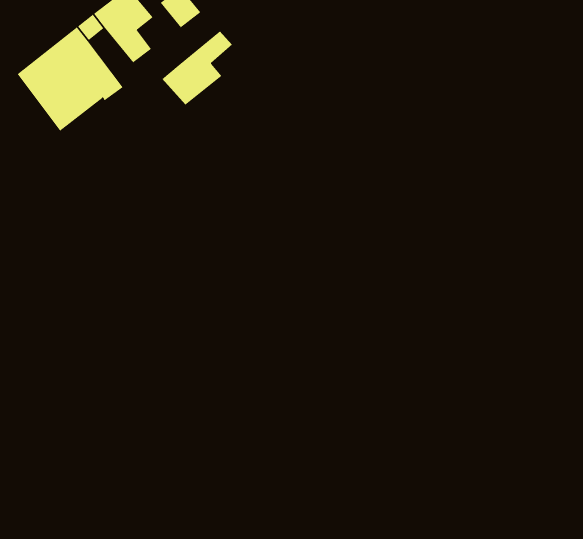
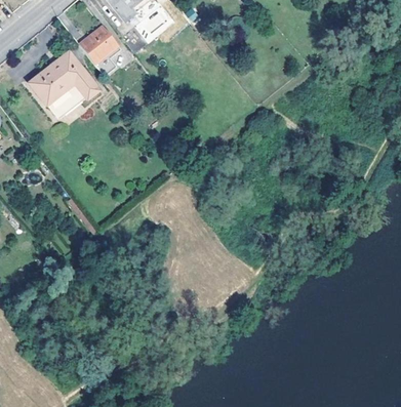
building: [162,31,233,106] -> none

